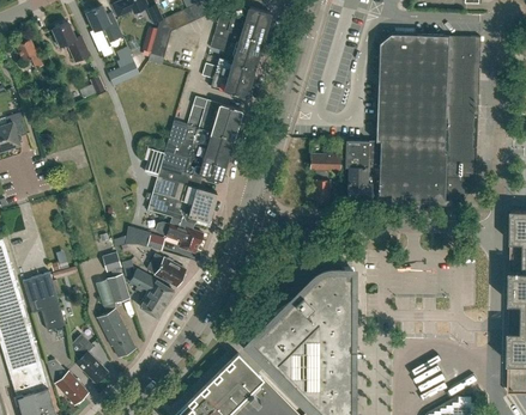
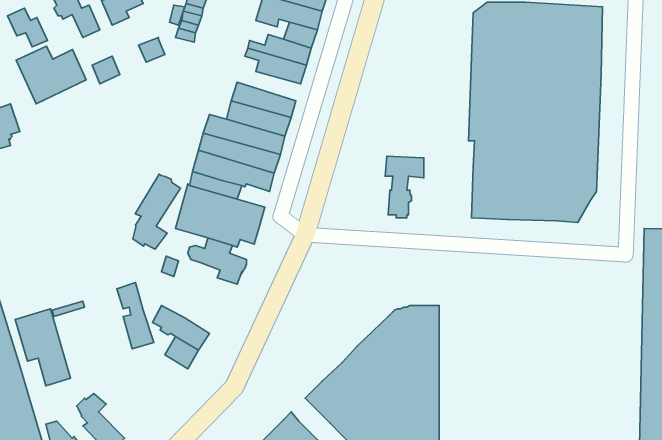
building: none -> [16,46,86,104]
building: [345,140,371,202] -> none
building: none -> [133,174,180,249]
building: [146,254,186,286] -> none
building: [97,309,134,356] -> none

